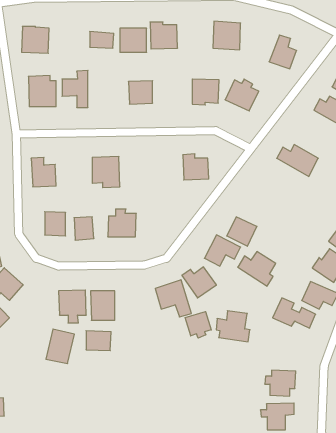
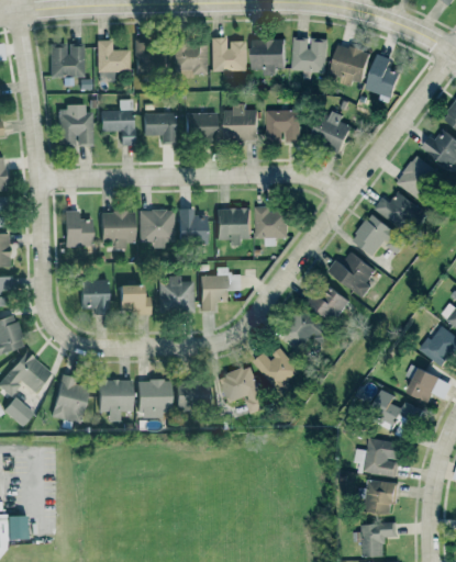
building: none -> [98,40,131,70]
building: none -> [251,40,285,76]
building: none -> [331,44,370,86]
building: none -> [223,108,257,142]
building: none -> [144,112,176,142]
building: none -> [398,156,444,198]
building: none -> [215,207,251,245]
building: none -> [178,209,207,243]
building: none -> [99,211,133,249]
building: none -> [352,213,393,257]
building: none -> [200,267,243,311]
building: [238,252,276,286] -> [327,254,376,297]
building: [216,311,250,342] -> [356,438,399,477]
building: [185,312,211,338] -> none
building: [46,329,74,364] -> [52,379,88,423]
building: [86,331,111,351] -> [176,382,208,407]

